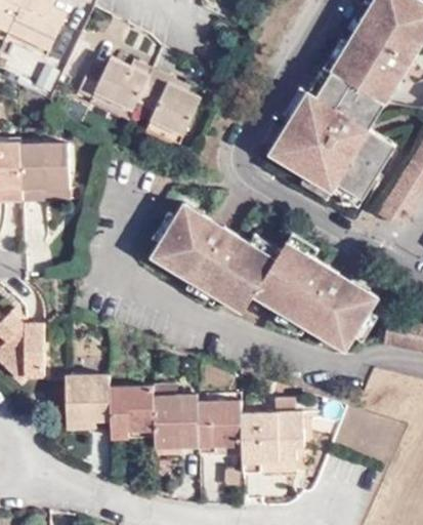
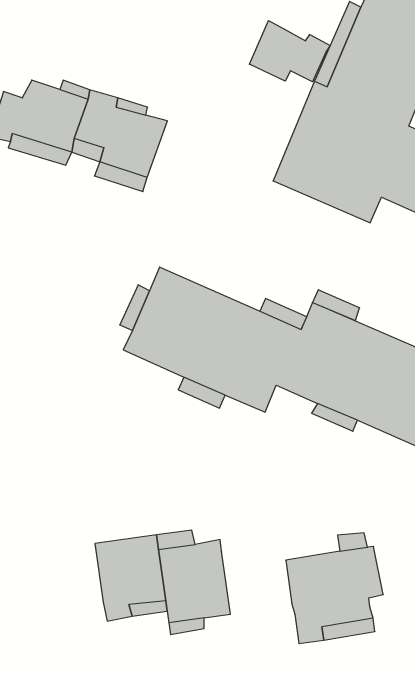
building: none -> [249,21,330,82]
building: [69,373,113,426] -> none
building: [199,400,242,453] -> none

